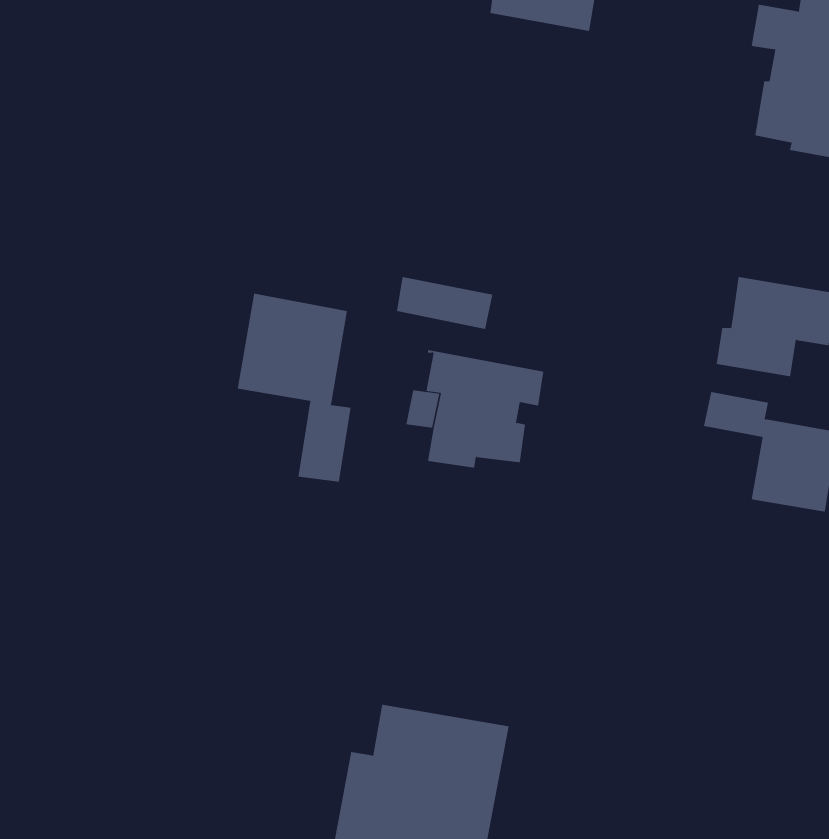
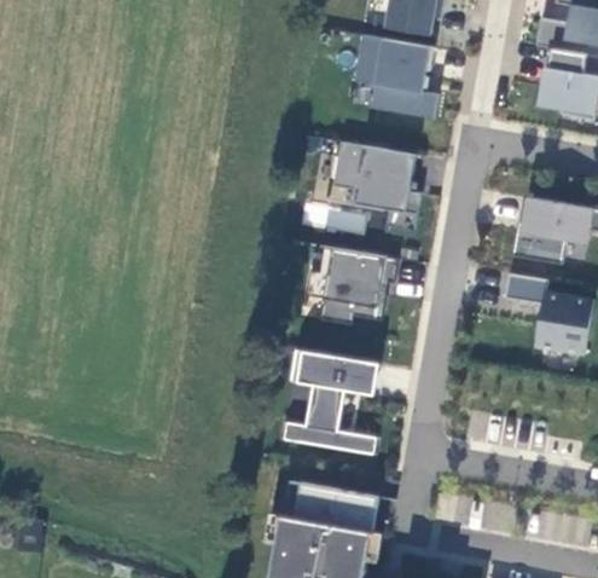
building: none -> [356,35,440,119]
building: none -> [335,143,423,236]
building: [237,293,351,482] -> none
building: none -> [298,351,381,455]

